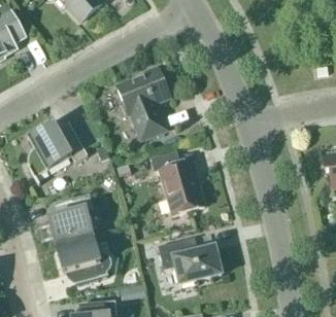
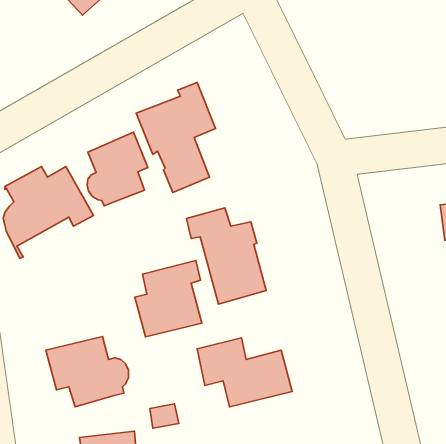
building: none -> [87,132,148,206]
building: [48,195,94,246] -> [135,260,202,337]

